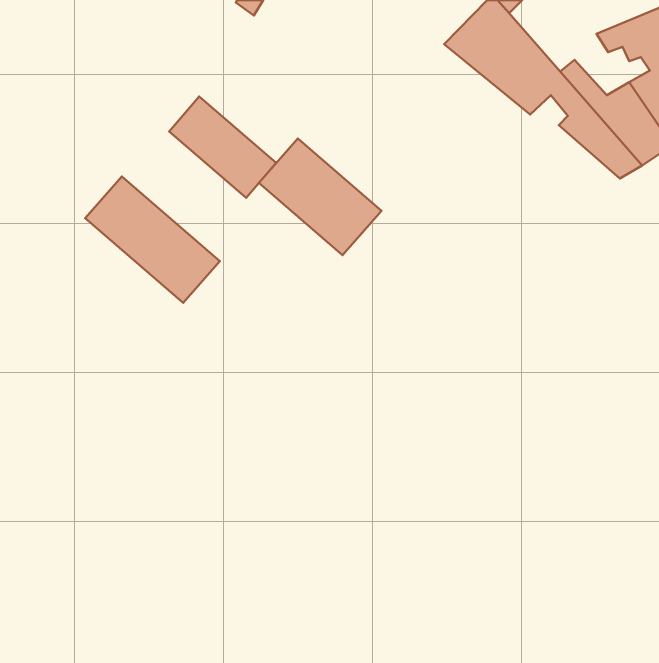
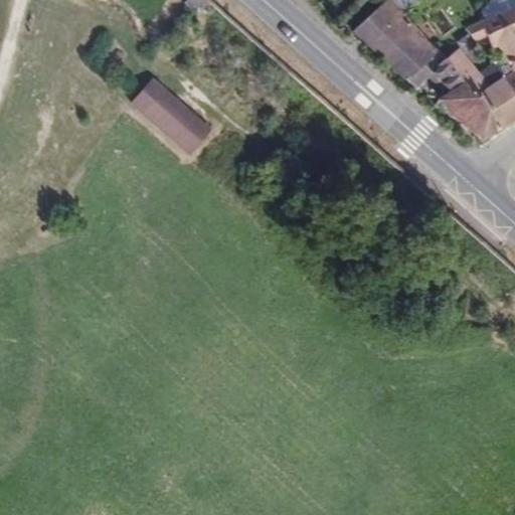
building: [259,139,381,255] -> none
building: [85,176,220,303] -> none

